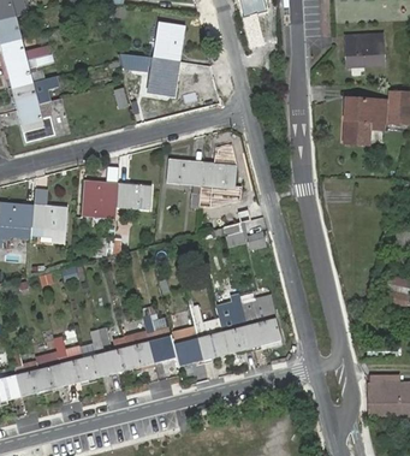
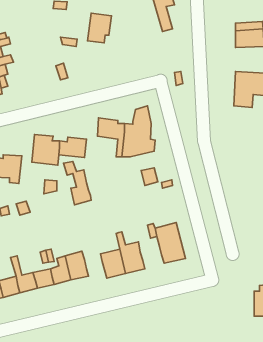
building: [148,58,178,96] -> none
building: [139,307,176,363] -> [63,161,91,205]
building: [221,325,252,354] -> none

